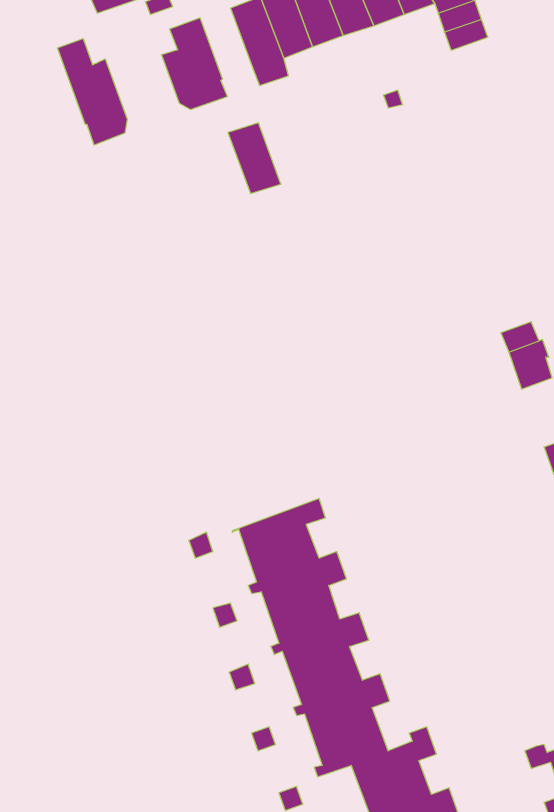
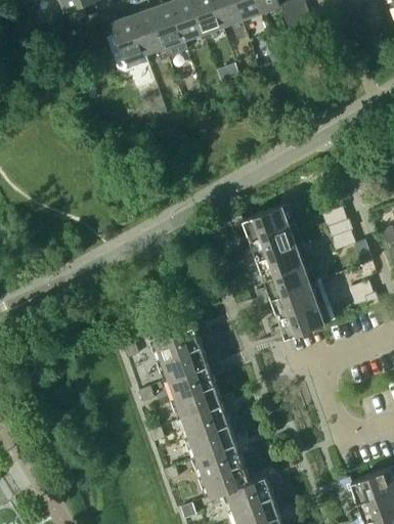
building: [57,39,127,145] -> none
building: [228,123,281,194] -> [131,8,165,53]
building: none -> [230,204,331,342]

